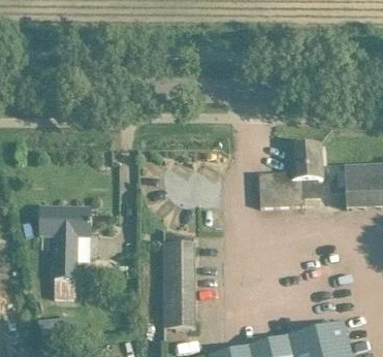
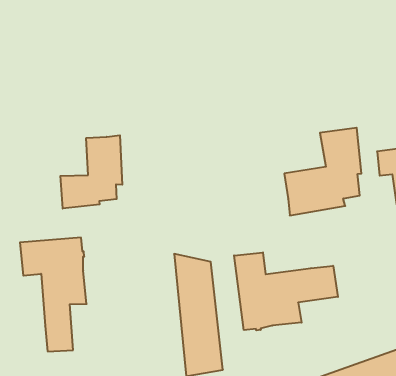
building: none -> [60,135,122,209]
building: none -> [234,252,338,330]

